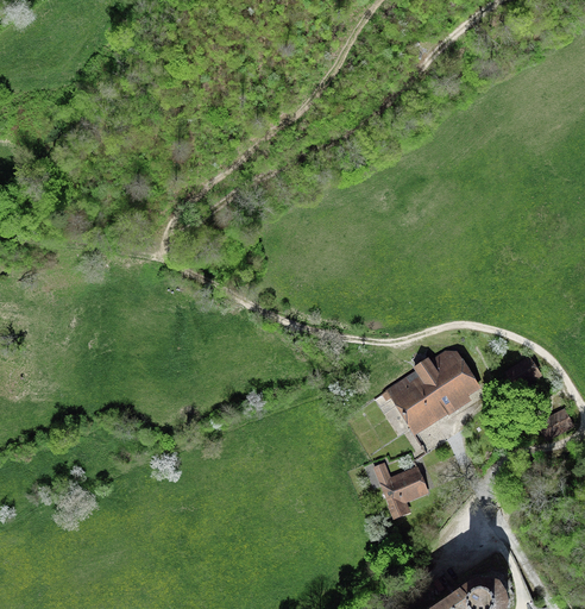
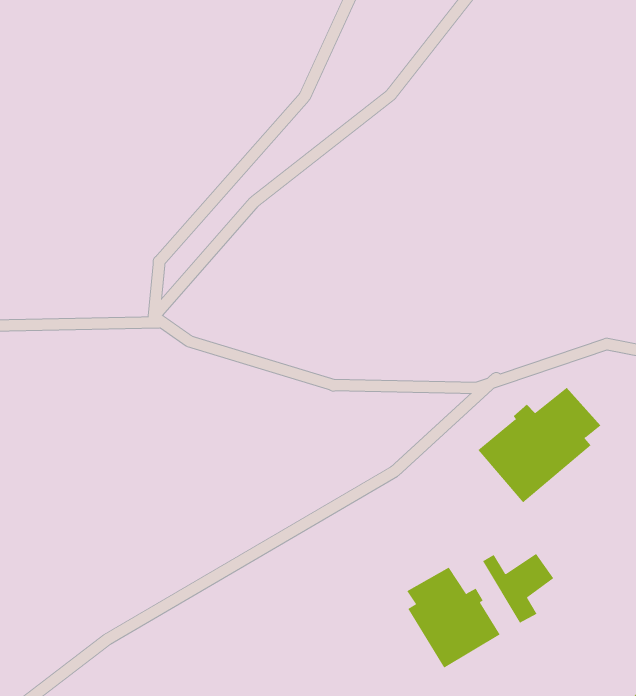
building: none -> [406,567,501,669]

